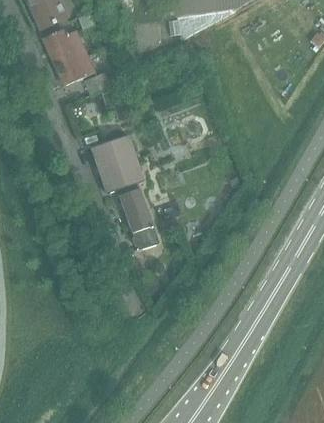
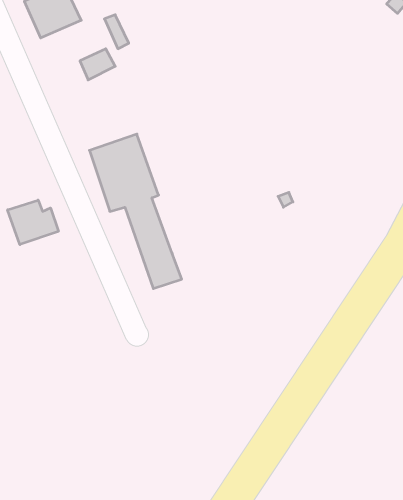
building: [55,51,94,85] -> none
building: none -> [8,200,58,245]

